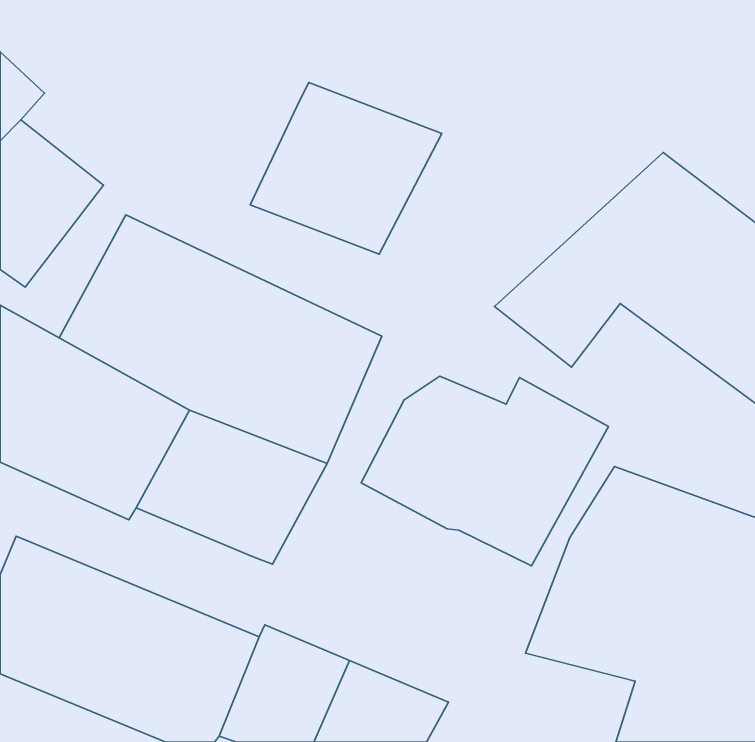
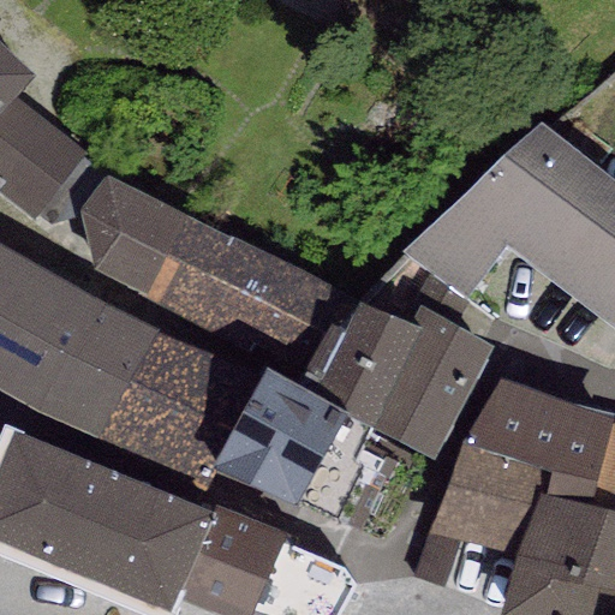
building: [250,83,442,254] -> none
building: none -> [197,376,364,521]

